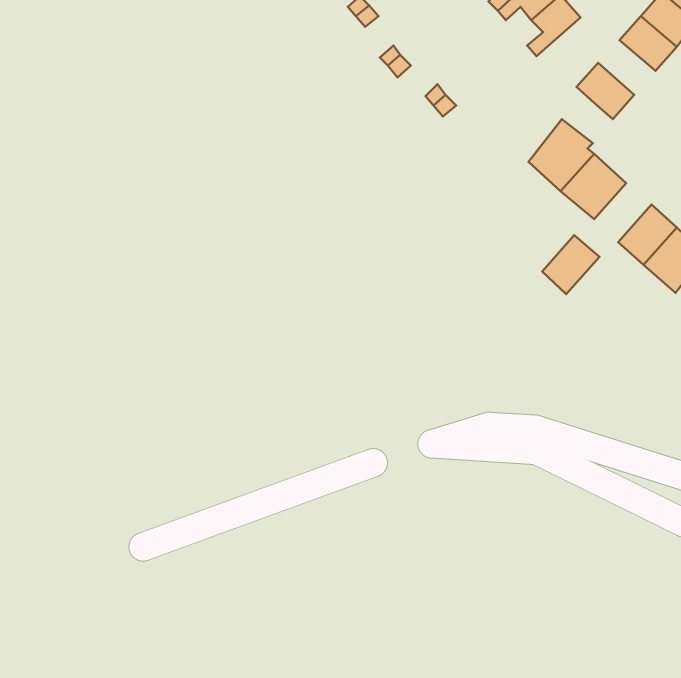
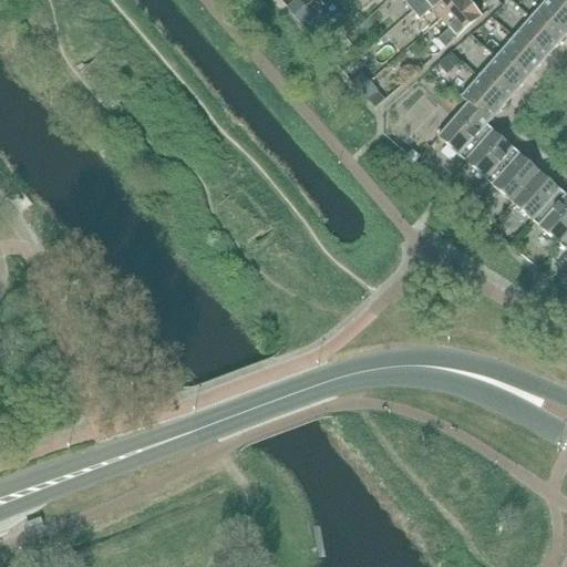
building: none -> [497,33,545,79]
building: none -> [460,72,509,118]
building: [542,235,600,294] -> [494,152,542,200]

